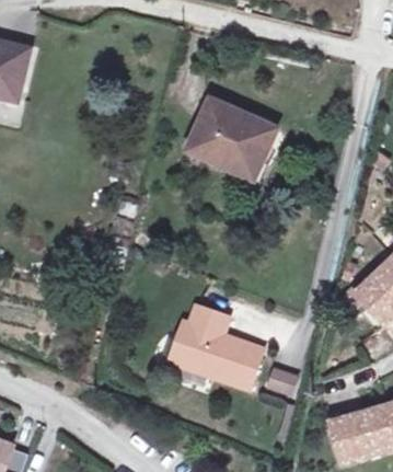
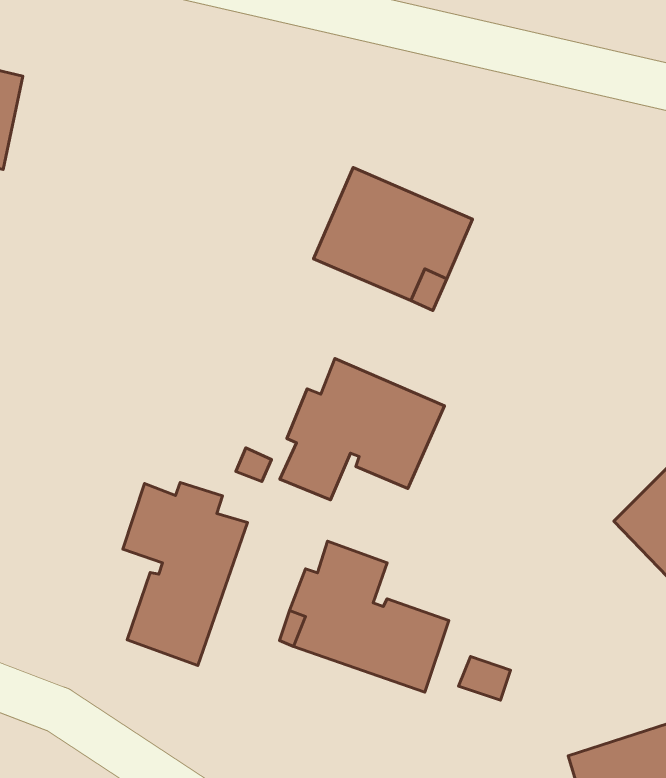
building: none -> [280,358,445,500]
building: none -> [123,483,248,666]

